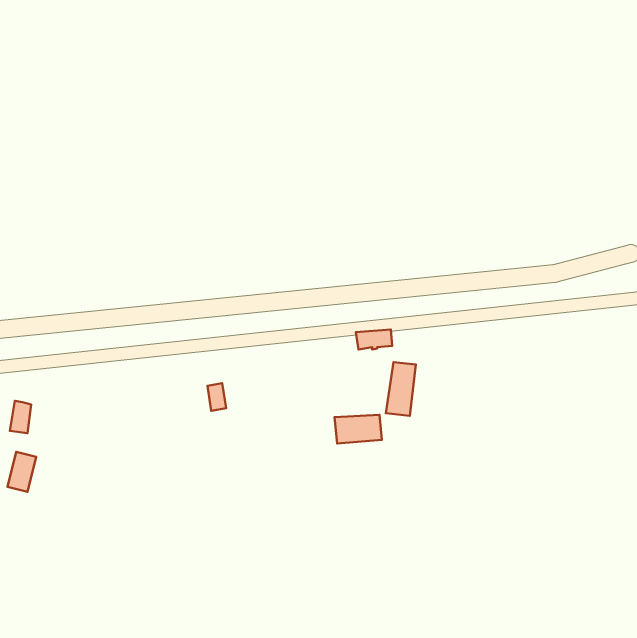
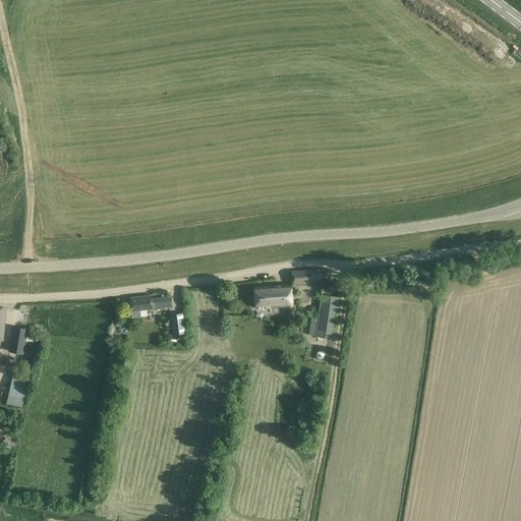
building: none -> [128,295,171,317]
building: [335,415,382,443] -> [252,285,291,308]

